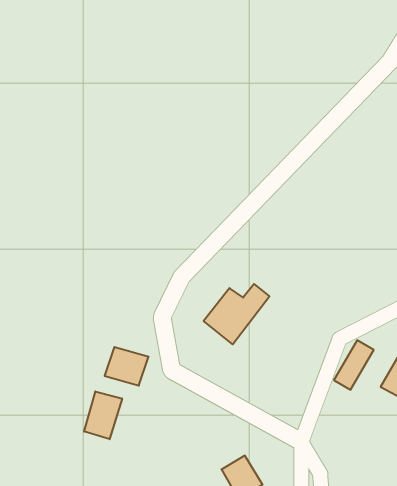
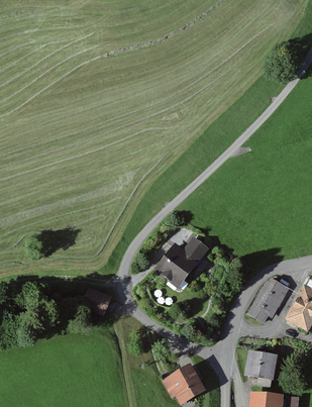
building: [84,391,122,439] -> none
building: none -> [248,352,276,377]

